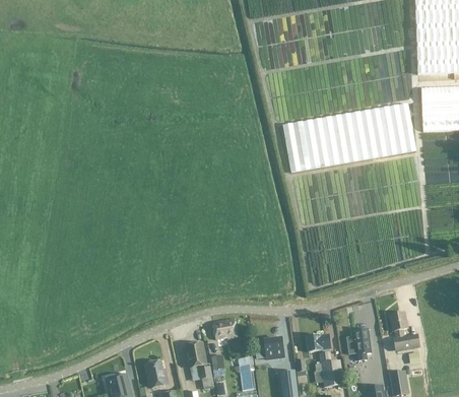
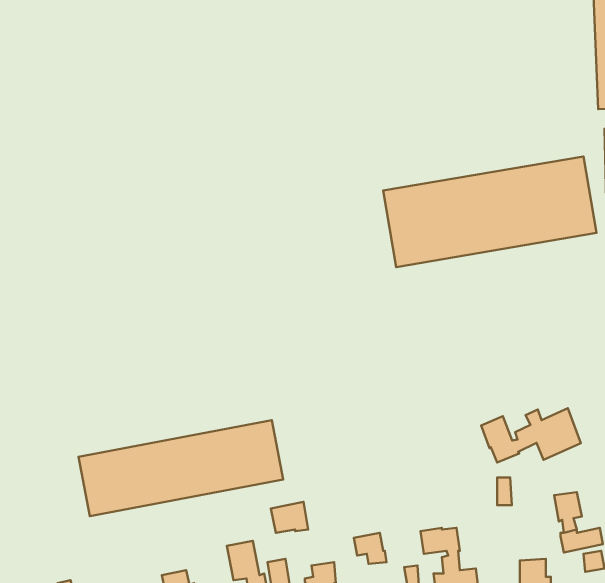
building: none -> [481,408,581,463]
building: none -> [78,420,283,516]
building: [348,328,371,359] -> none

